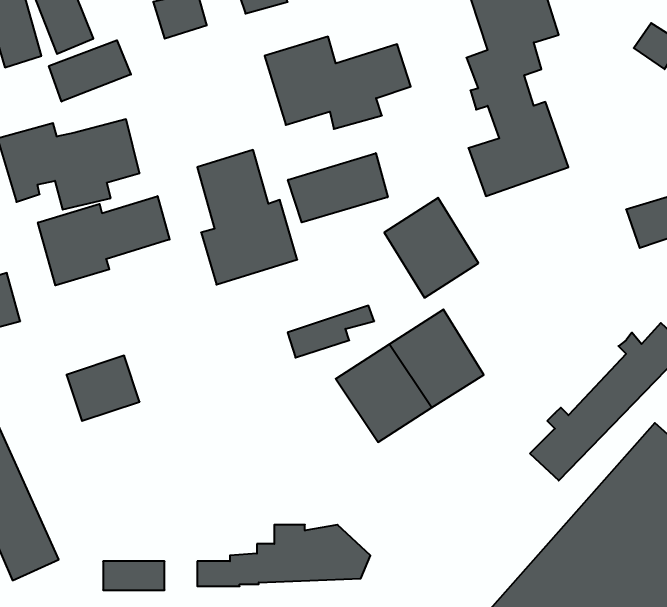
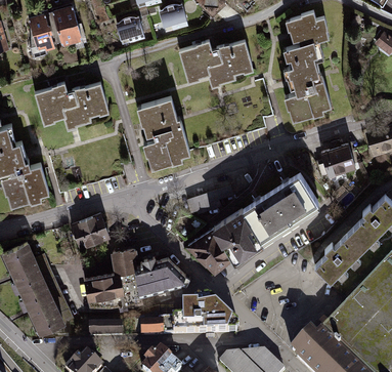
building: [49,40,131,102] -> none
building: [288,153,388,222] -> none
building: [38,196,170,285] -> none
building: [384,198,478,298] -> [271,167,321,220]
building: none -> [324,139,357,169]
building: none -> [188,222,236,270]
building: none -> [83,244,192,304]

